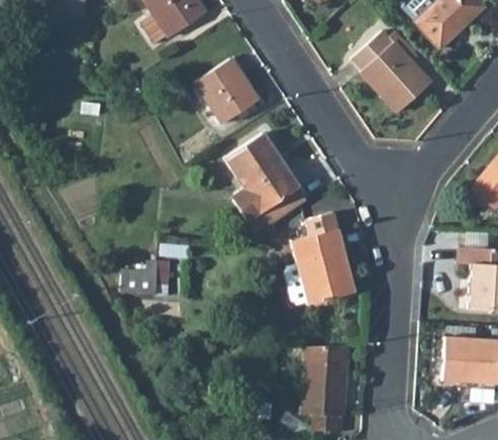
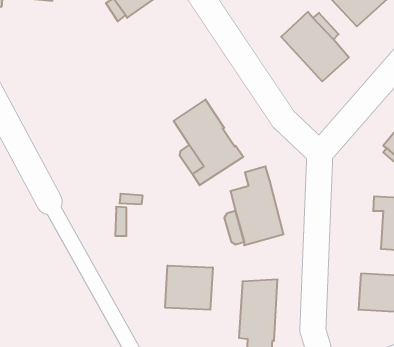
building: [195,59,258,123] -> none
building: [121,260,158,294] -> none
building: none -> [165,265,213,310]

